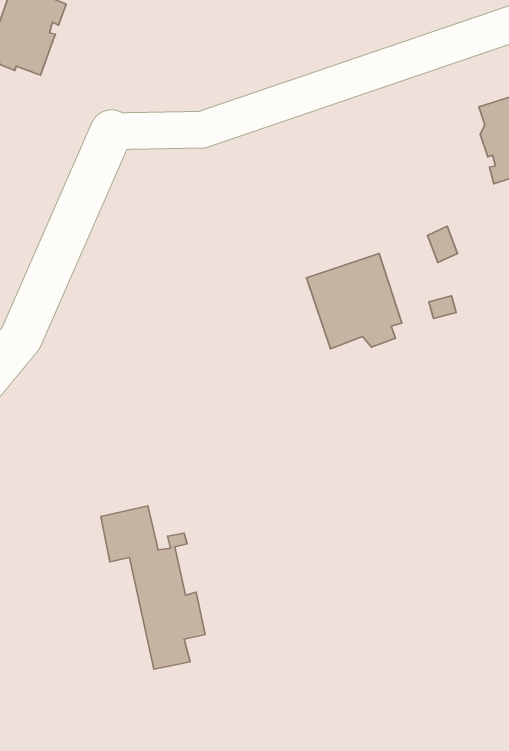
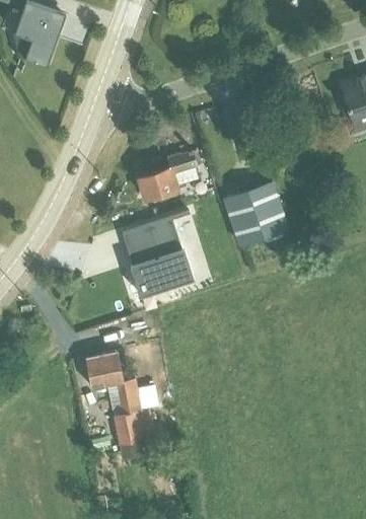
building: none -> [139,150,199,200]
building: none -> [123,217,196,296]

